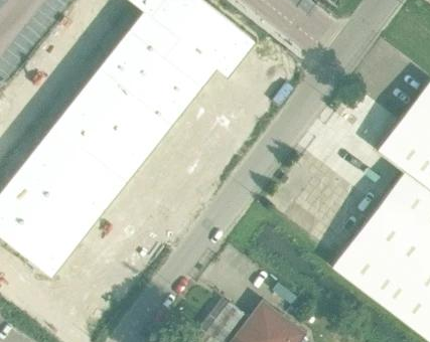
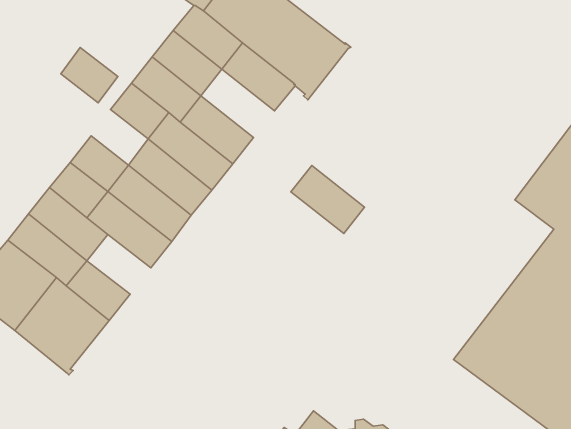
building: [149,56,202,106] -> [291,166,365,234]
building: [69,86,111,126] -> [61,47,118,103]
building: [66,176,113,219] -> none

